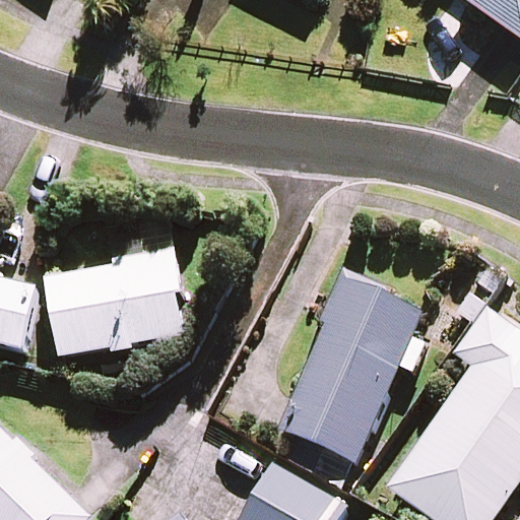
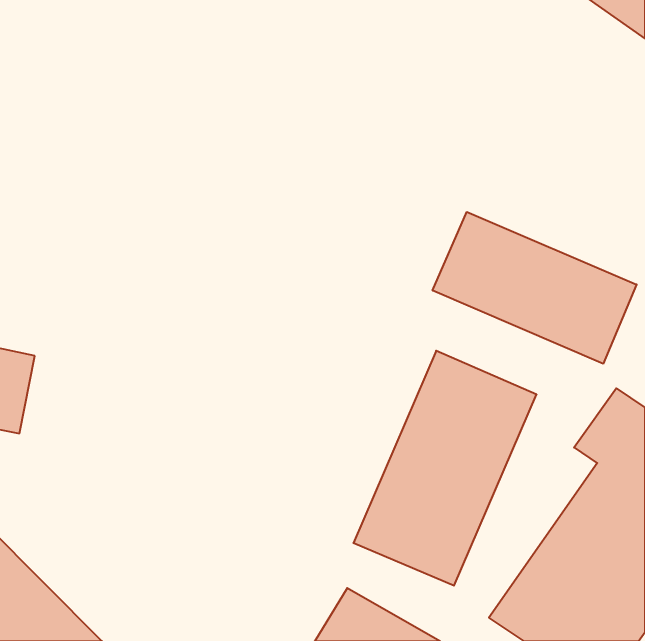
building: none -> [433,212,637,364]
building: [47,254,185,356] -> none

